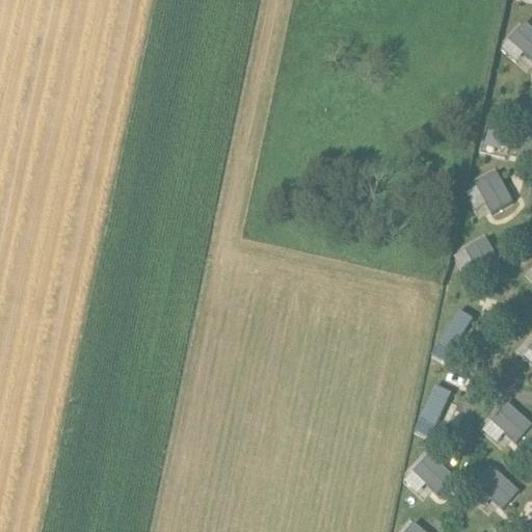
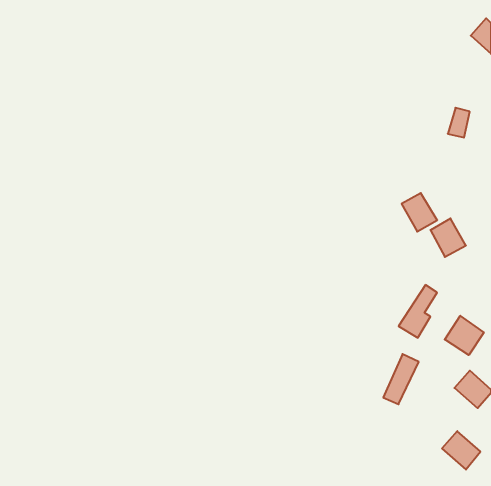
building: [475,170,513,212] -> [402,193,437,232]
building: none -> [445,316,484,355]
building: [413,452,455,491] -> none

